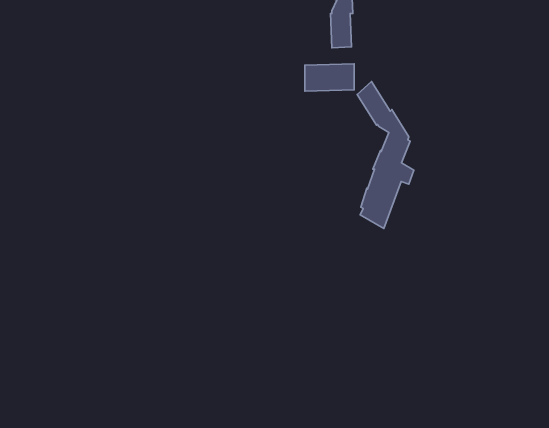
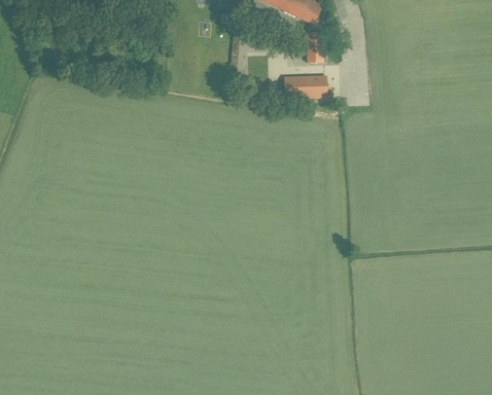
building: [357,81,414,228] -> none

